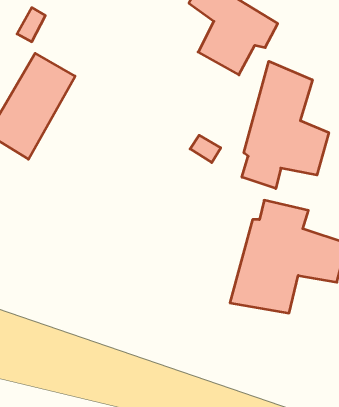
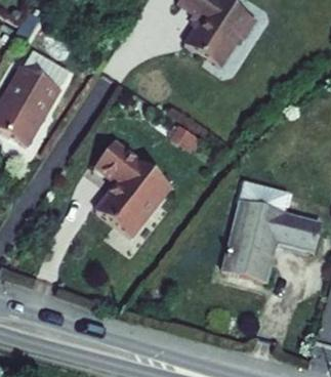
building: [242,61,329,189] -> none
building: none -> [90,143,168,242]

